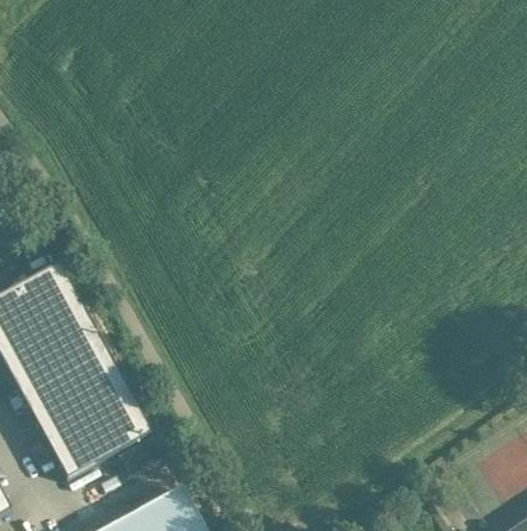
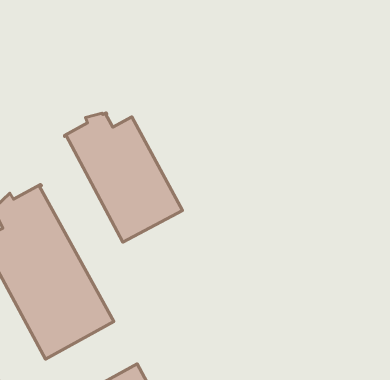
building: none -> [64,113,182,242]

